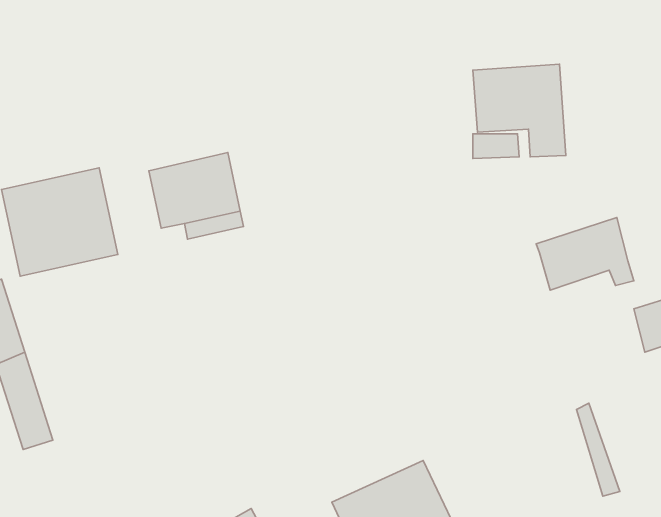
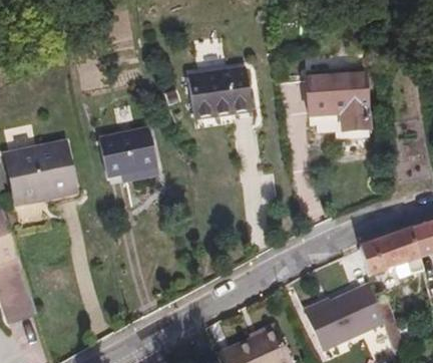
building: none -> [187,66,252,117]
building: [536,217,634,290] -> [360,228,423,275]
building: none -> [306,290,372,349]

